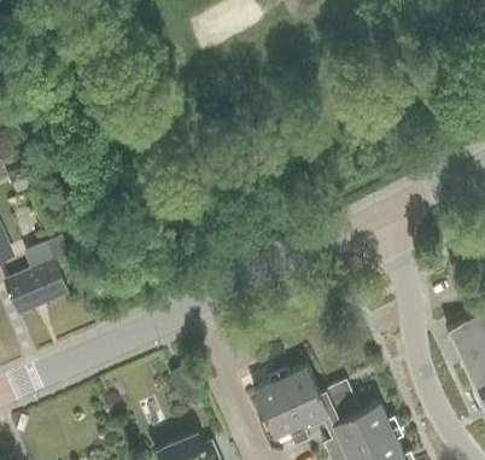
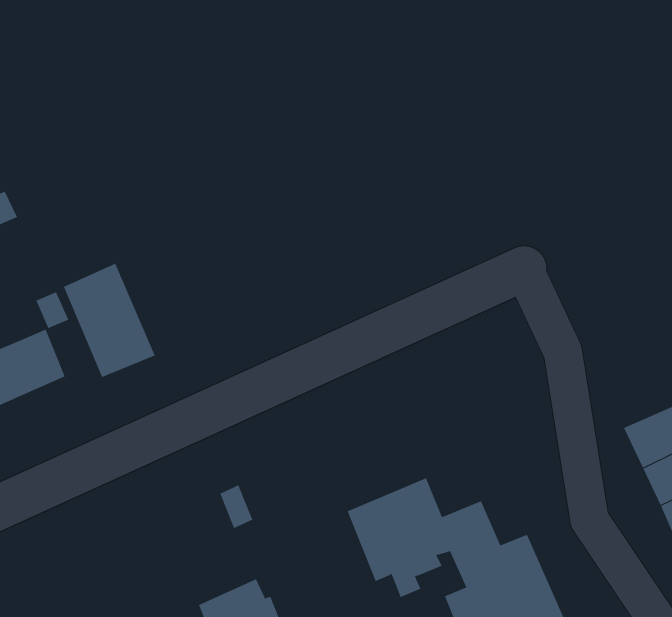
building: none -> [63,263,155,378]

